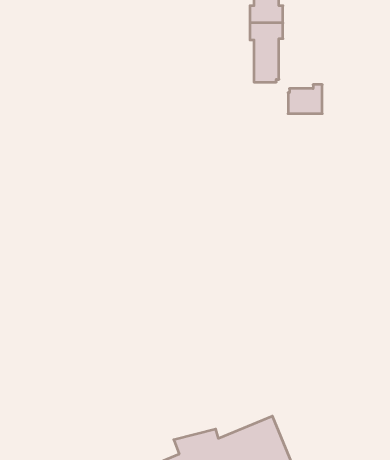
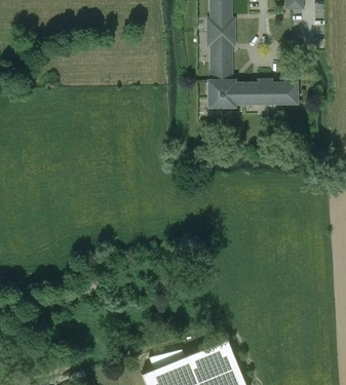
building: none -> [208,79,238,108]
building: none -> [265,81,297,104]

